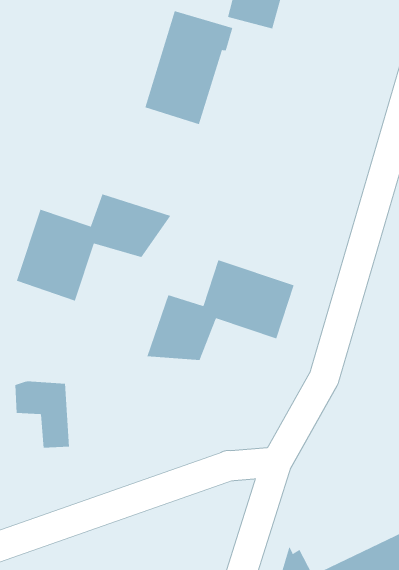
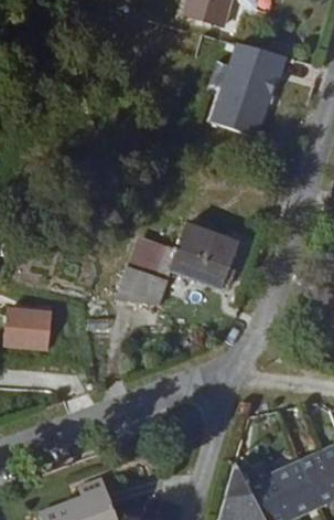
building: [144,10,233,125] -> [207,51,280,145]
building: [16,193,171,301] -> none

